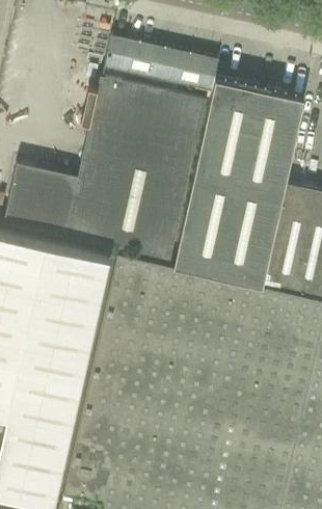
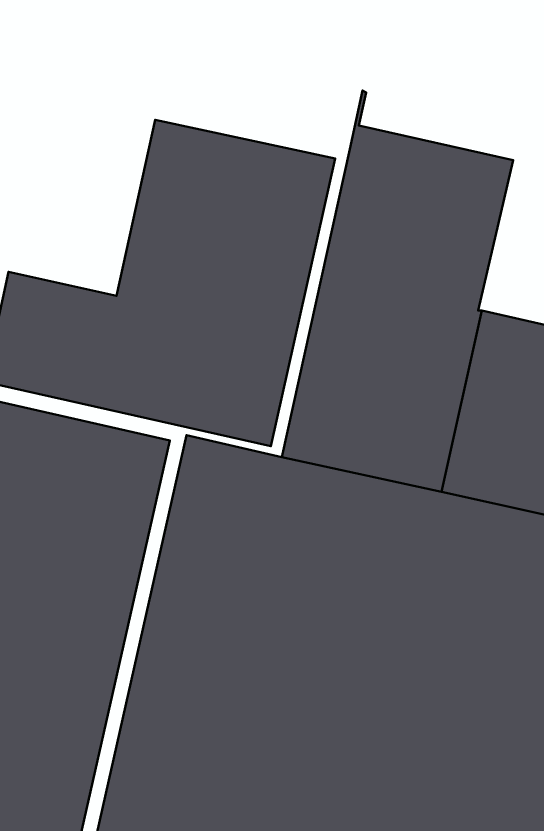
building: [104,37,217,93] -> none

